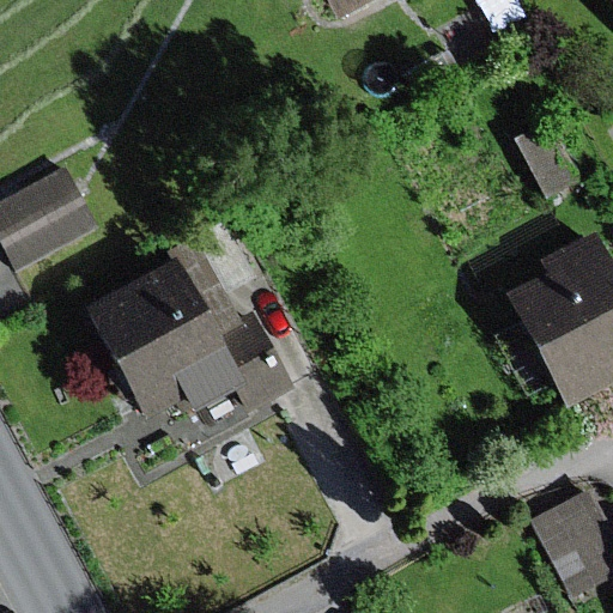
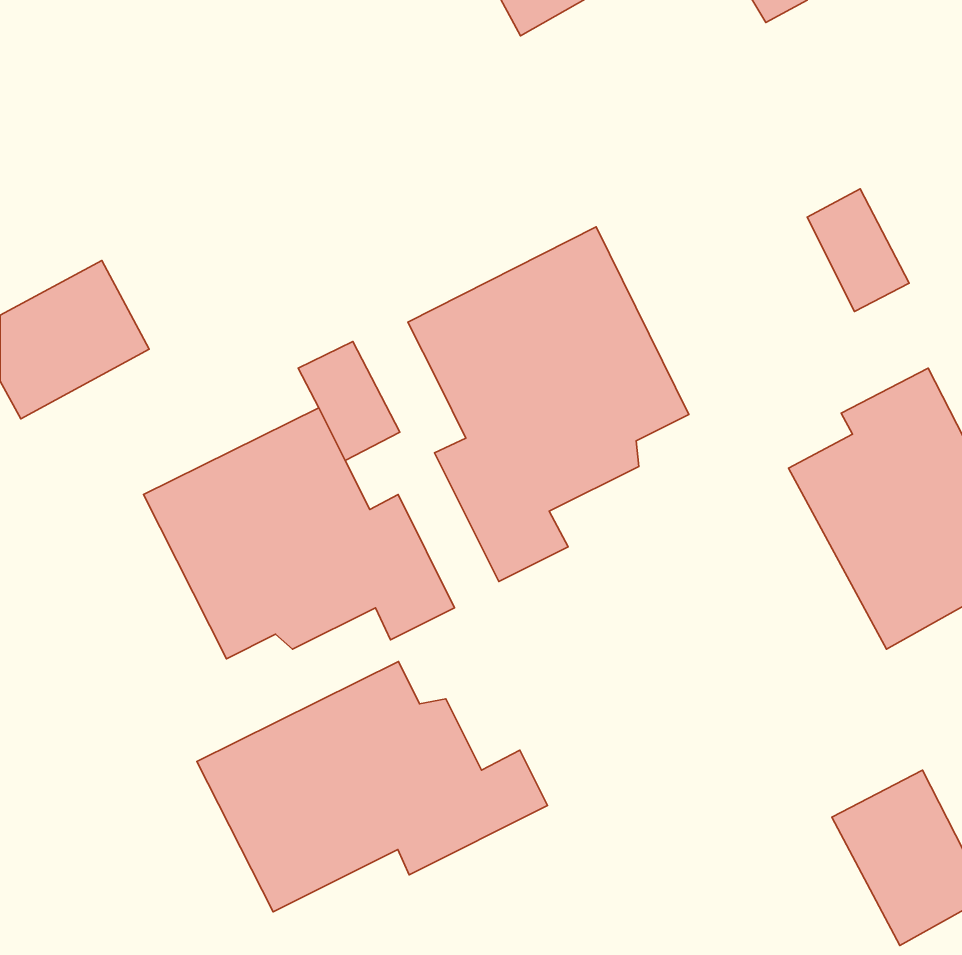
building: none -> [408,227,689,582]
building: none -> [197,662,548,912]

